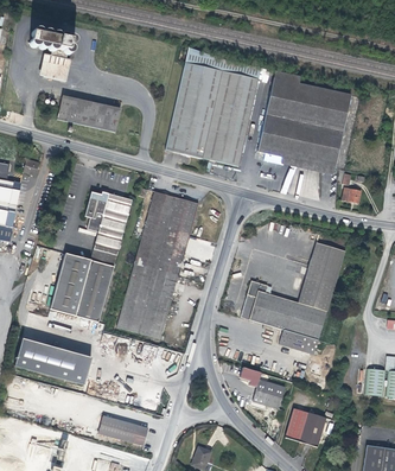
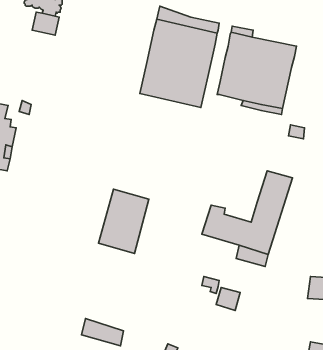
building: [57,96,121,132] -> none
building: [50,191,133,322] -> none
building: [135,191,197,274] -> none
building: [15,337,93,383] -> none
building: [292,407,324,444] -> none

